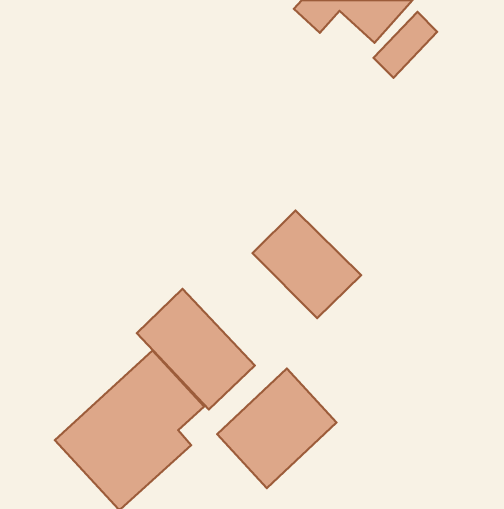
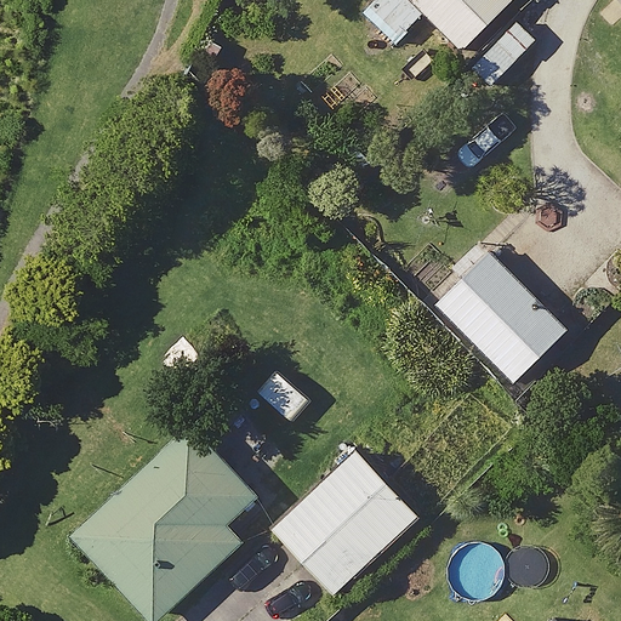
building: [253,210,361,318] -> [433,251,565,382]
building: [137,289,255,410] -> none

